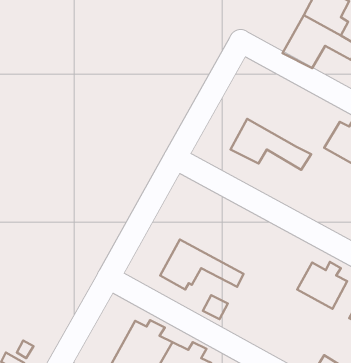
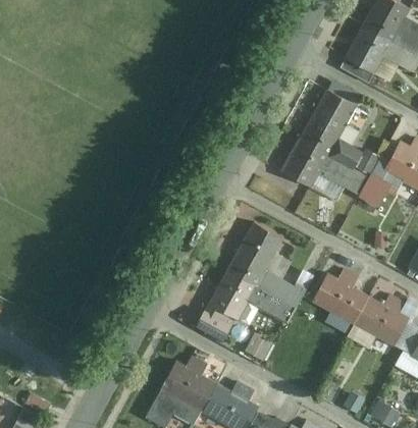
building: none -> [299,90,362,169]
building: none -> [365,171,396,205]
building: none -> [224,221,305,309]
building: none -> [311,269,370,326]
building: none -> [194,311,230,341]

